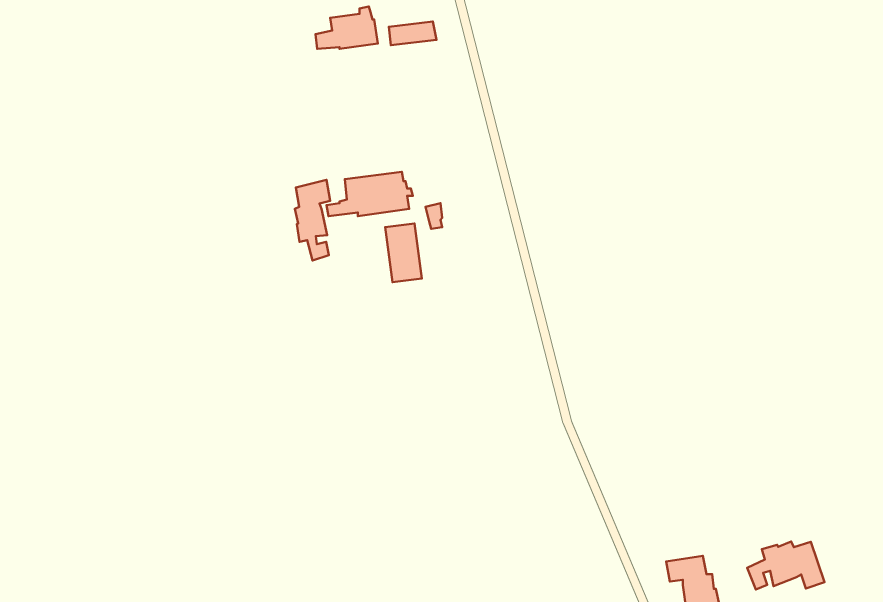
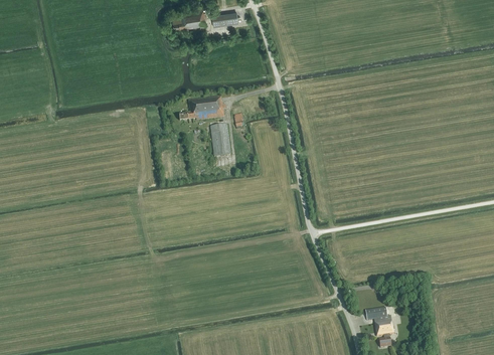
building: [295,180,330,261] -> none
building: [747,541,824,589] -> none

